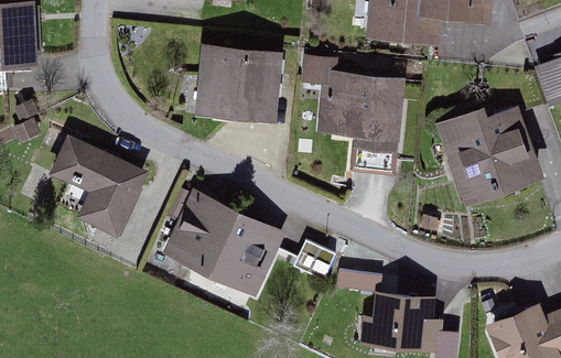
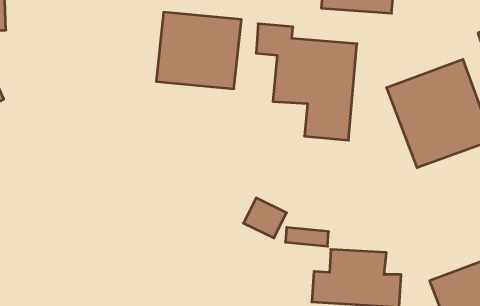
building: [50,134,152,238] -> none
building: [159,191,284,303] -> none

